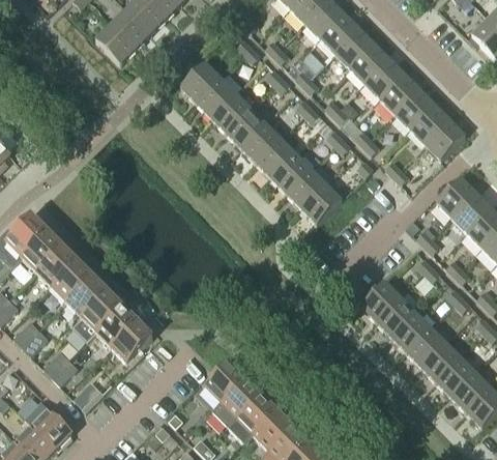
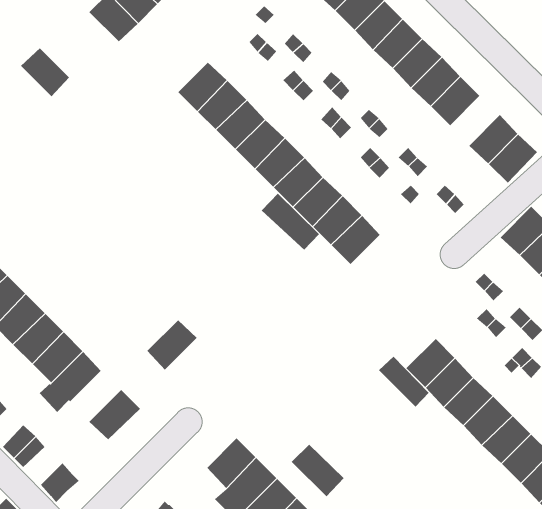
building: [95,24,135,63] -> [20,47,70,97]
building: [397,90,436,130] -> none
building: none -> [261,193,320,251]
building: none -> [378,356,430,408]
building: [96,308,137,348] -> [147,319,198,371]
building: none -> [291,444,345,497]

